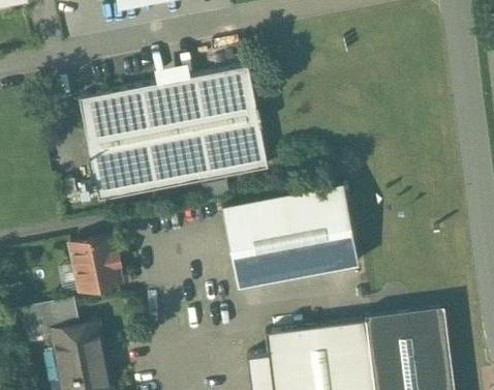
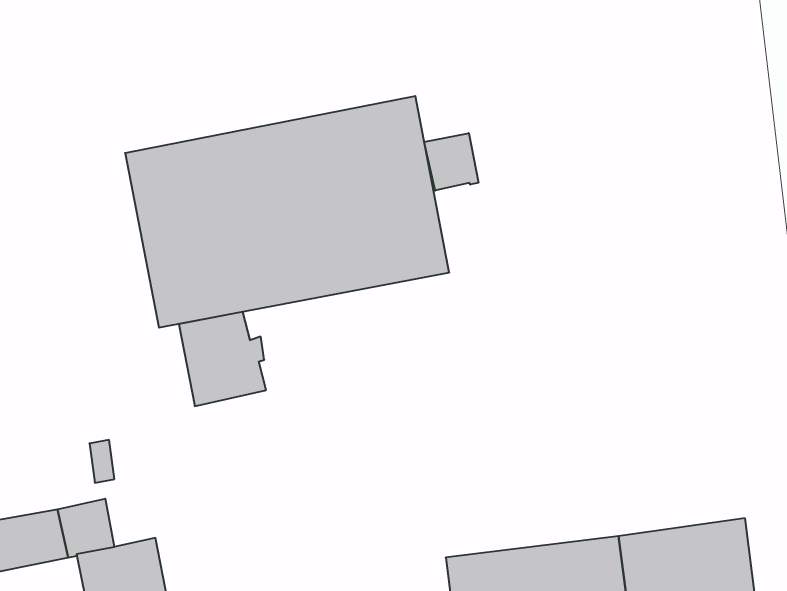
building: none -> [424,133,478,191]
building: [221,184,359,289] -> none
building: [70,238,121,293] -> [179,312,266,406]

